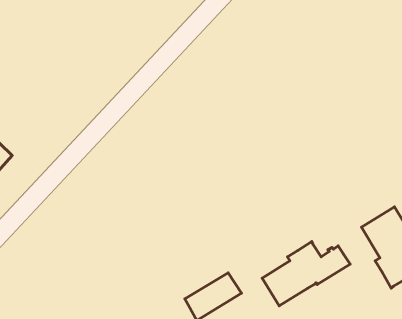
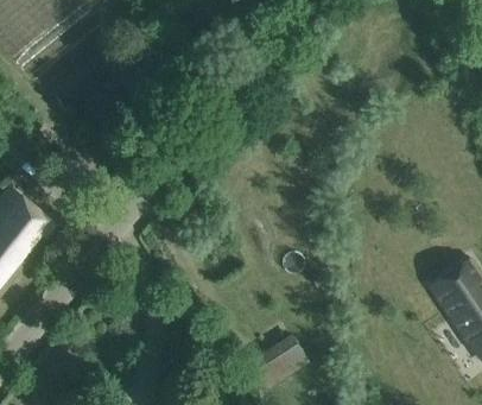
building: [262,242,350,306] -> none

